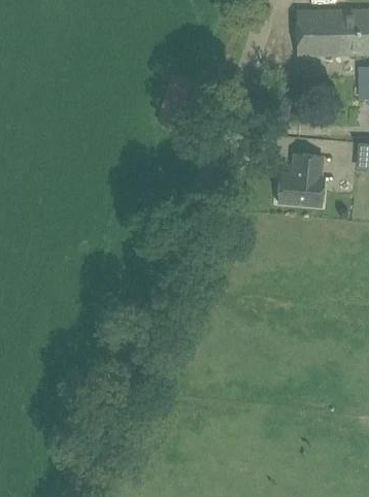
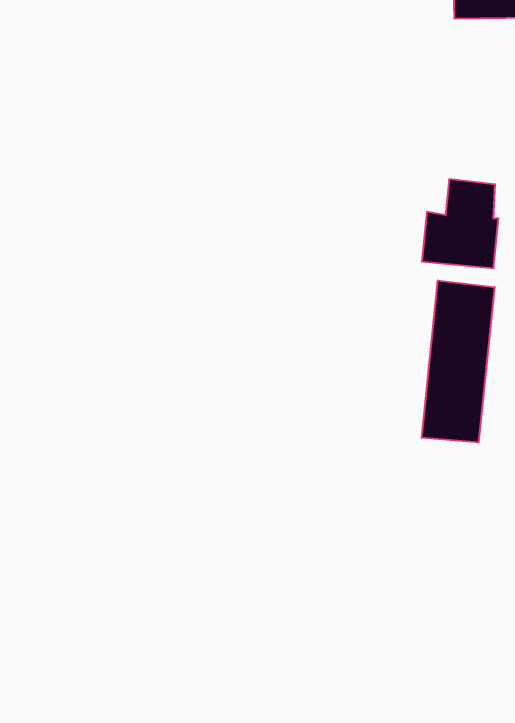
building: none -> [422,280,495,443]

